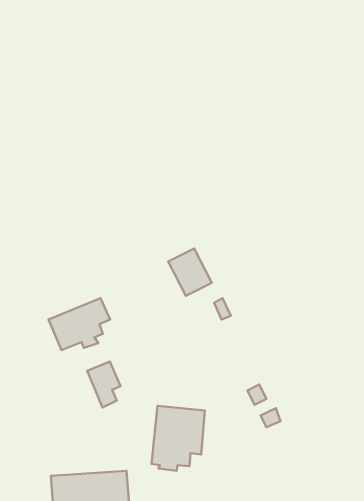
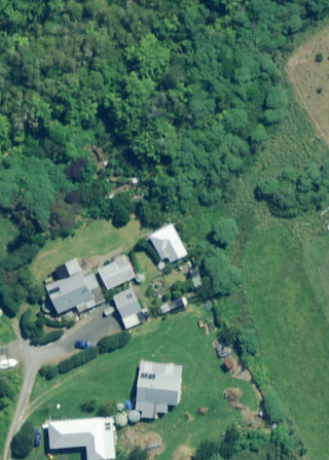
building: none -> [99,262,136,289]
building: [87,361,120,407] -> [113,288,142,328]

